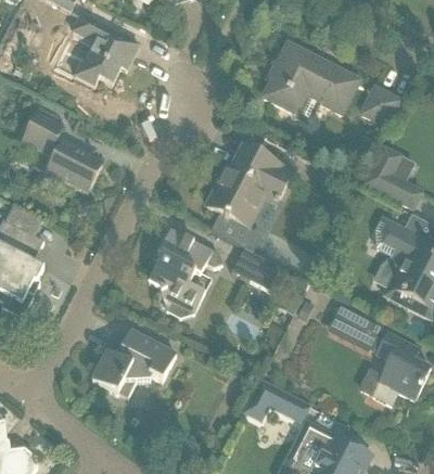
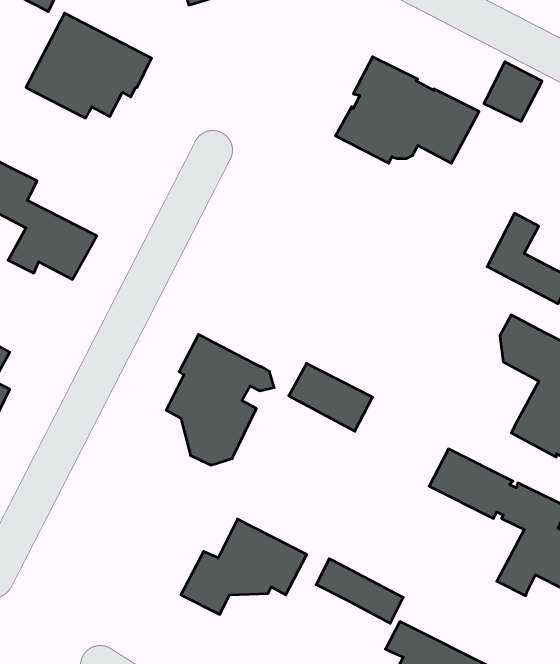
building: [360,85,399,125] -> [484,62,542,121]
building: [206,142,293,244] -> none
building: [91,328,176,392] -> [181,519,307,614]

